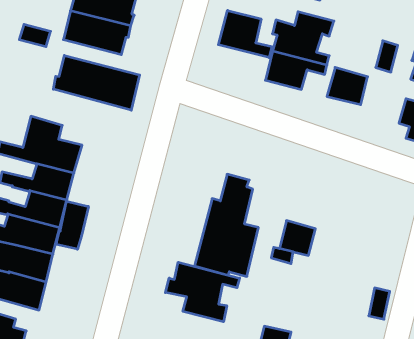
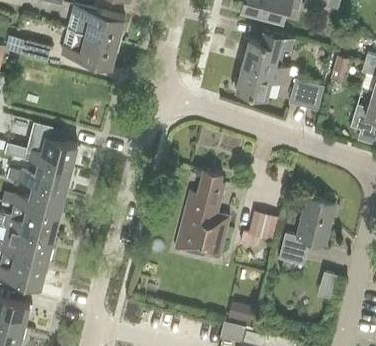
building: [218,10,272,58] -> none
building: [53,55,140,110] -> none
building: [56,201,88,249] -> none
building: none -> [279,198,335,266]
building: [165,262,240,322] -> none

